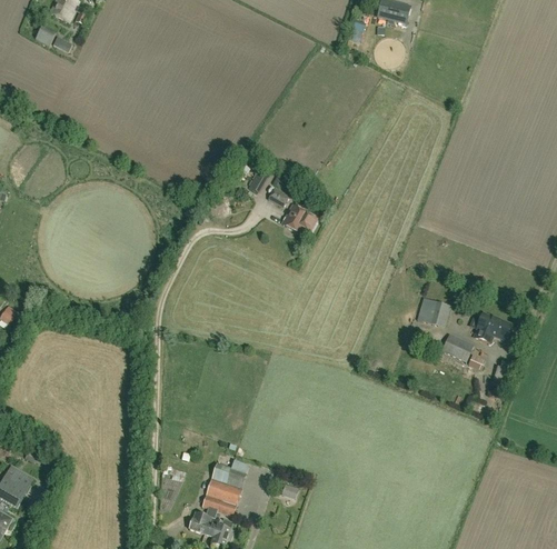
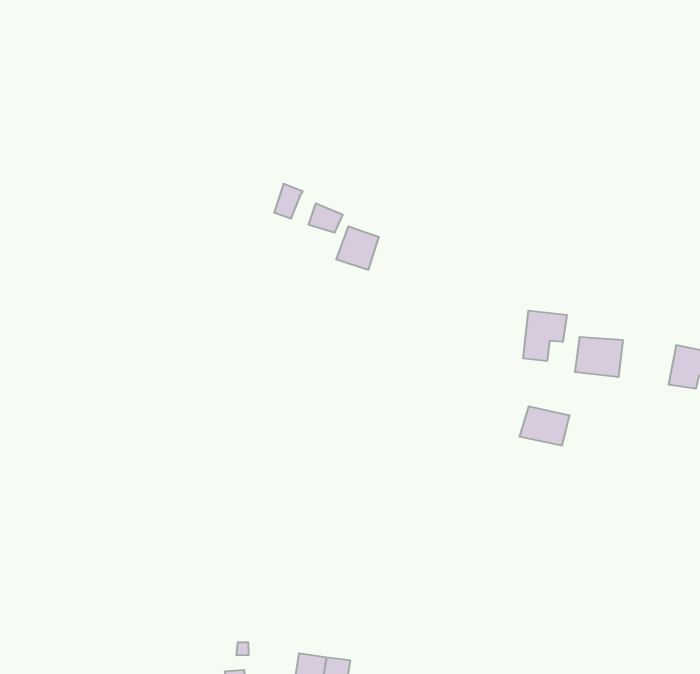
building: none -> [523,311,567,361]
building: [440,332,474,360] -> [519,406,570,445]

